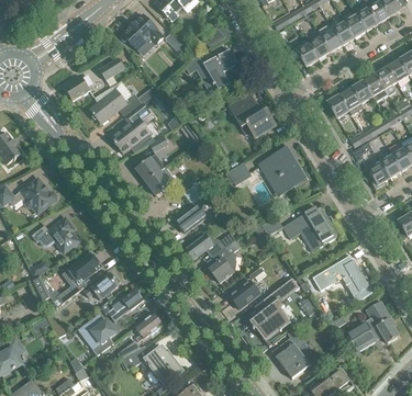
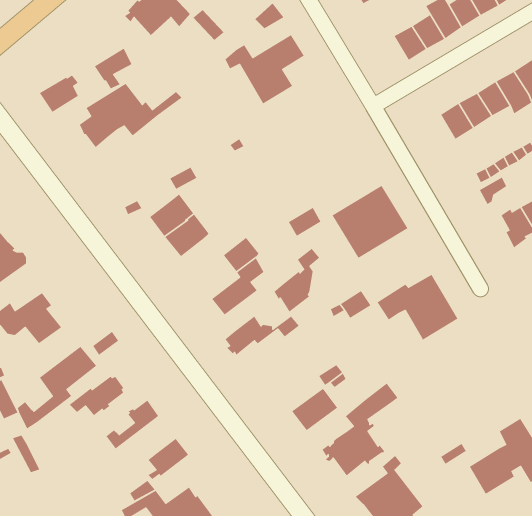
building: [230,93,276,137] -> none
building: [112,102,149,151] -> none
building: [210,239,241,282] -> [273,248,320,313]
building: [313,254,372,301] -> none
building: [80,314,115,354] -> none

